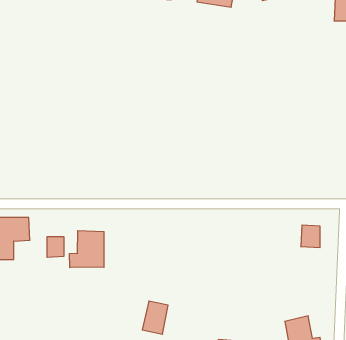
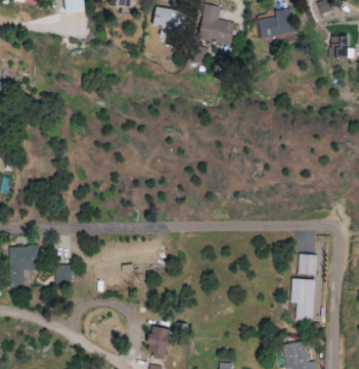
building: [69,231,104,268] -> none
building: none -> [290,278,314,321]

